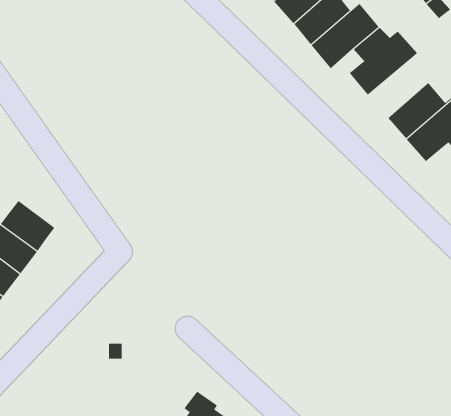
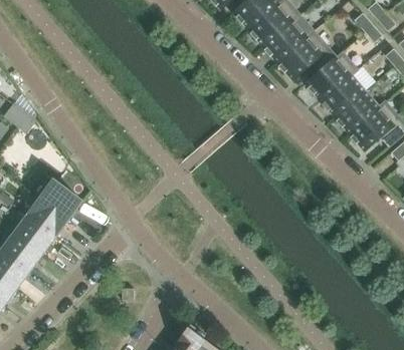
building: none -> [319,67,365,116]

